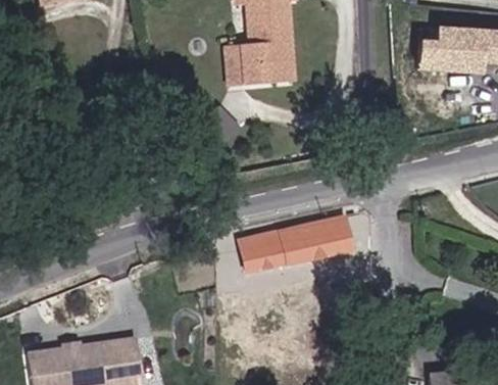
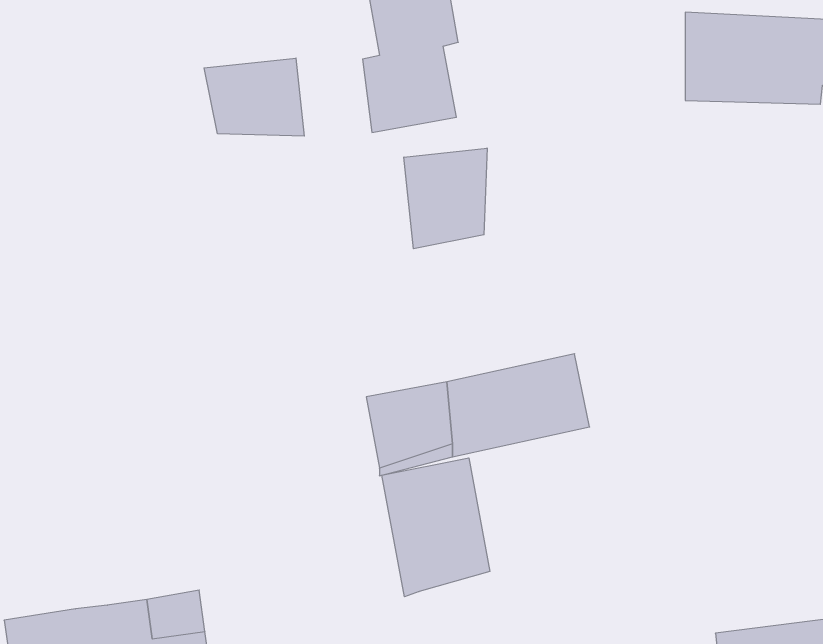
building: none -> [204,58,304,136]
building: none -> [404,148,487,249]
building: none -> [382,458,490,597]

